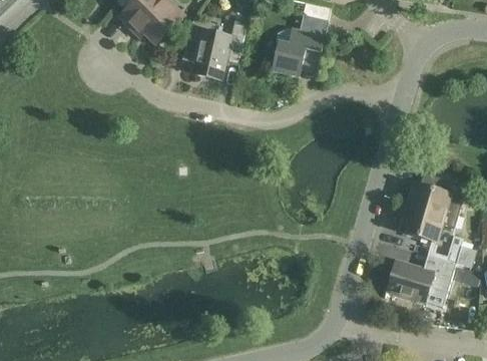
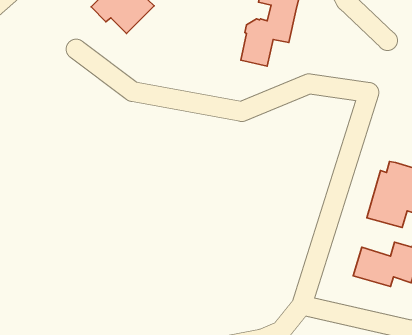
building: [182,20,248,79] -> none

